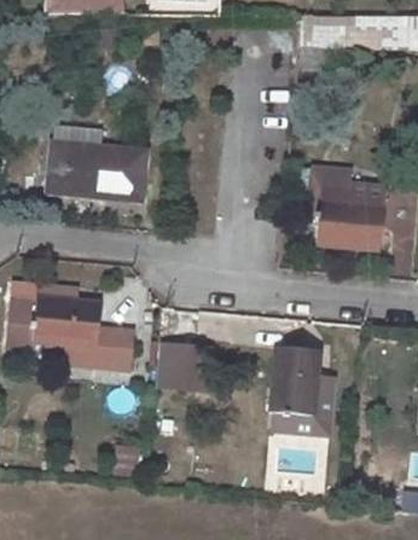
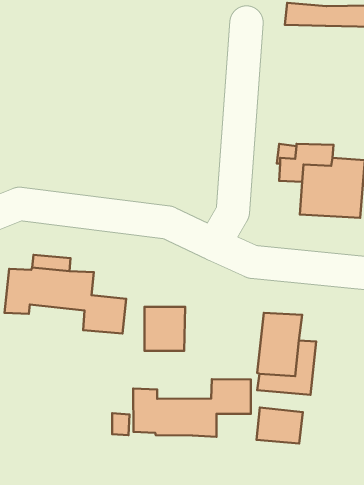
building: [48,143,146,201] -> none
building: none -> [133,379,251,437]
building: none -> [256,408,303,443]

